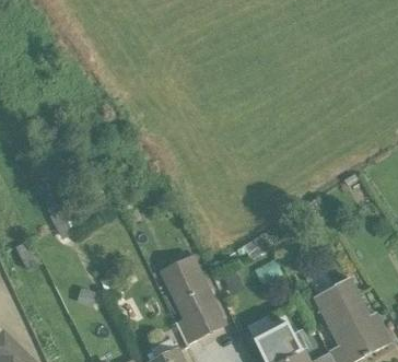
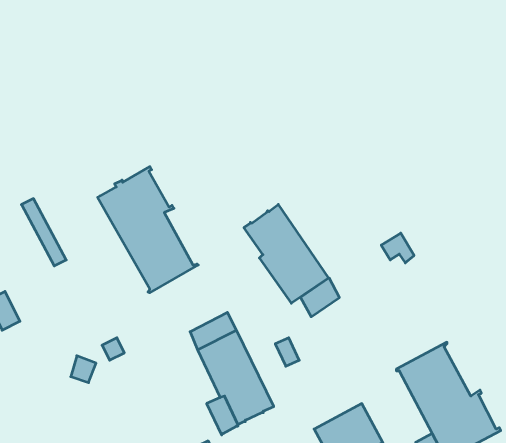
building: none -> [98,167,198,293]
building: none -> [244,204,329,303]

